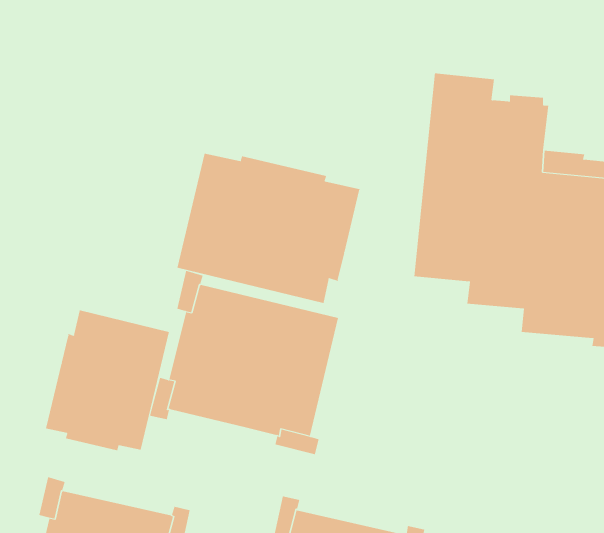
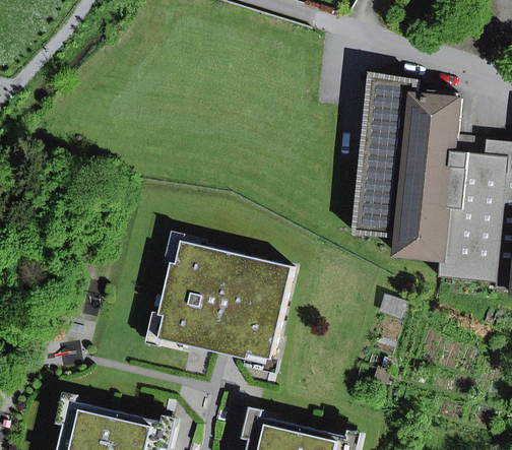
building: [177,153,361,304] -> none
building: [45,309,170,451] -> none

